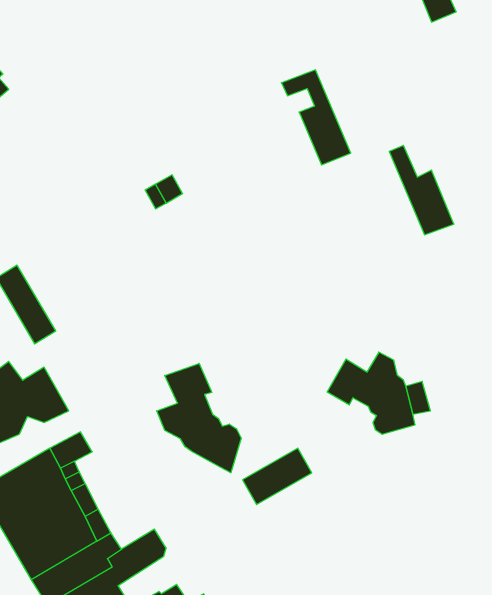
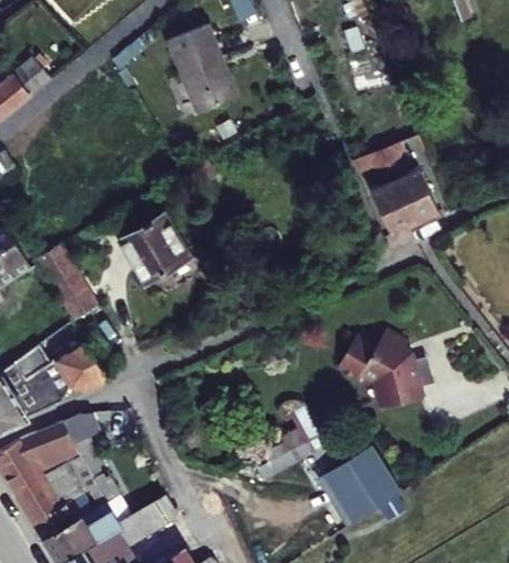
building: none -> [158,29,225,117]
building: [281,70,351,165] -> [366,142,431,231]
building: none -> [110,220,178,288]
building: [157,363,241,473] -> none
building: none -> [327,448,401,521]

